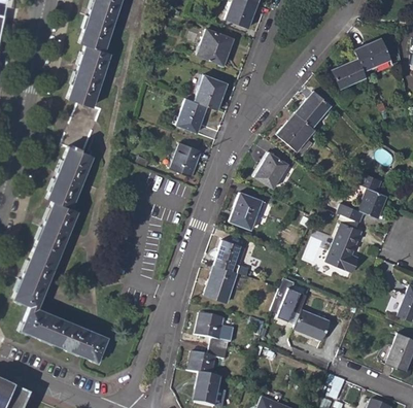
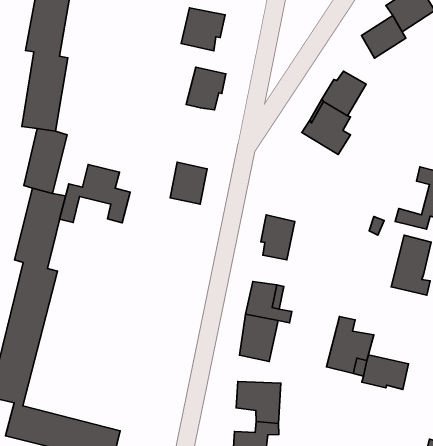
building: [176,98,204,132] -> none
building: none -> [60,164,130,223]
building: [254,152,288,189] -> none

